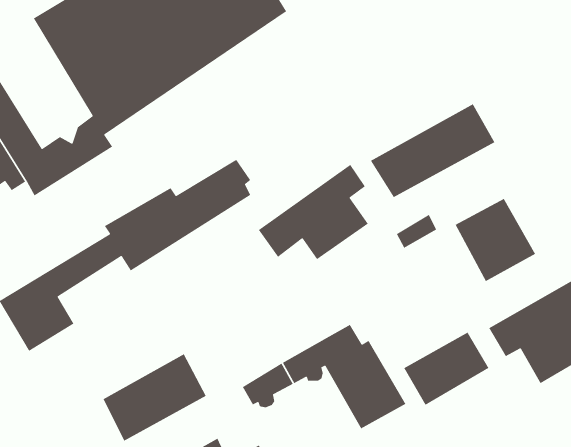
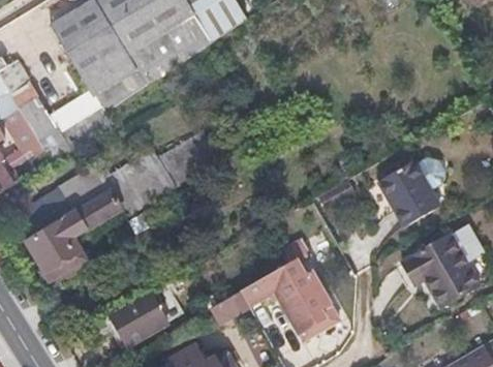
building: [370,103,496,198] -> none
building: [258,164,369,260] -> none
building: [403,332,490,406] -> none

